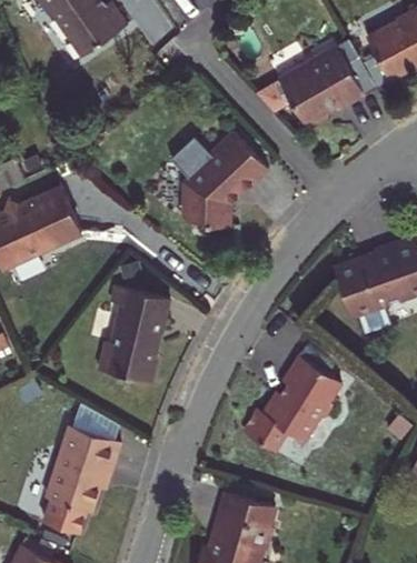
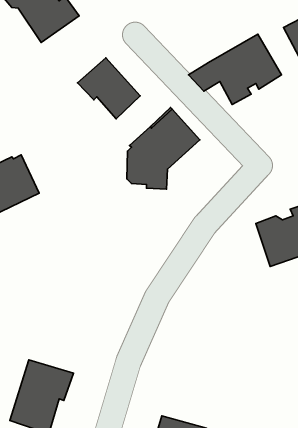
building: none -> [78,58,140,119]
building: [99,284,170,382] -> none
building: [244,354,341,451] -> none

